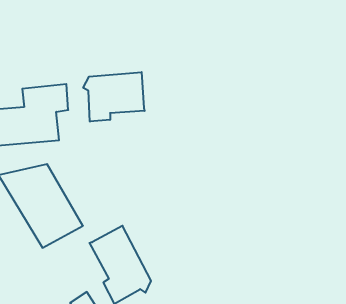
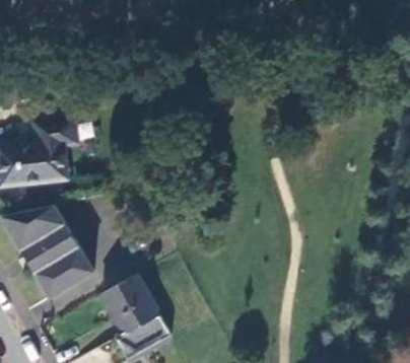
building: [83,72,145,122] -> none

